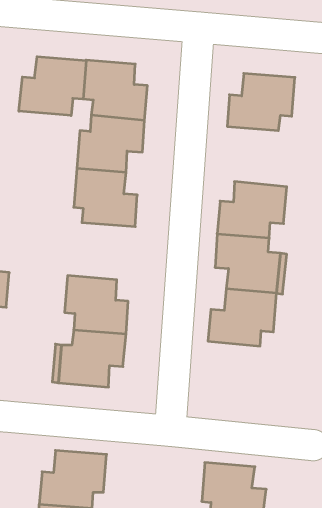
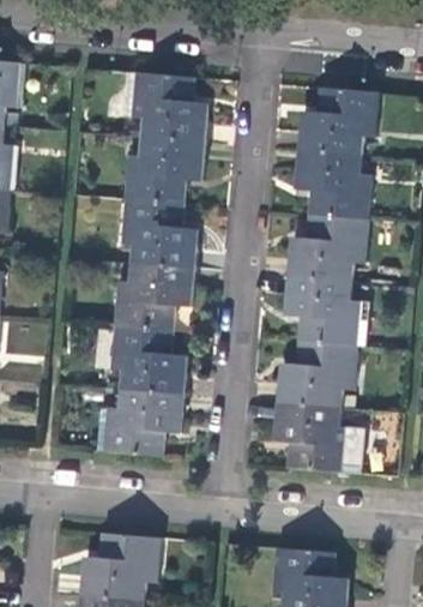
building: [19,57,86,116] -> none
building: none -> [297,150,374,221]
building: none -> [114,263,193,330]
building: none -> [276,402,357,471]

